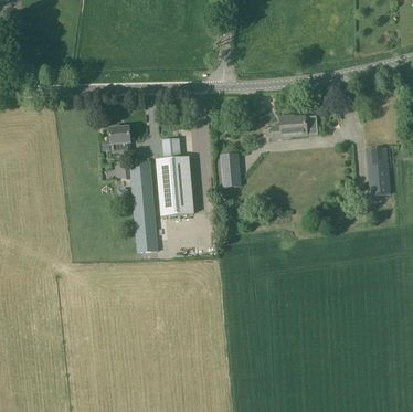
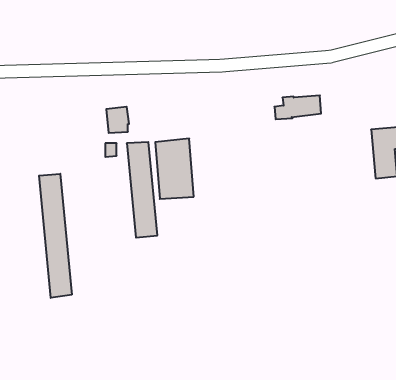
building: [219,151,241,187] -> none
building: none -> [39,174,72,298]

